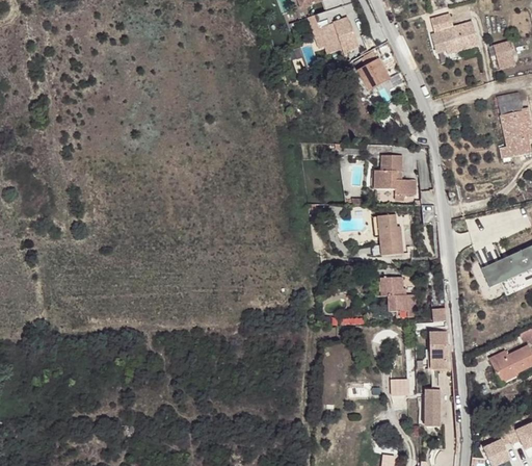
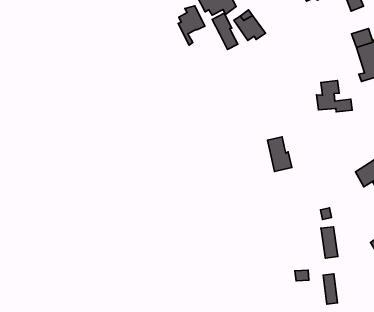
building: none -> [178,6,205,45]
building: none -> [212,13,238,49]
building: [374,155,416,193] -> [317,81,352,112]
building: [380,277,417,317] -> none

